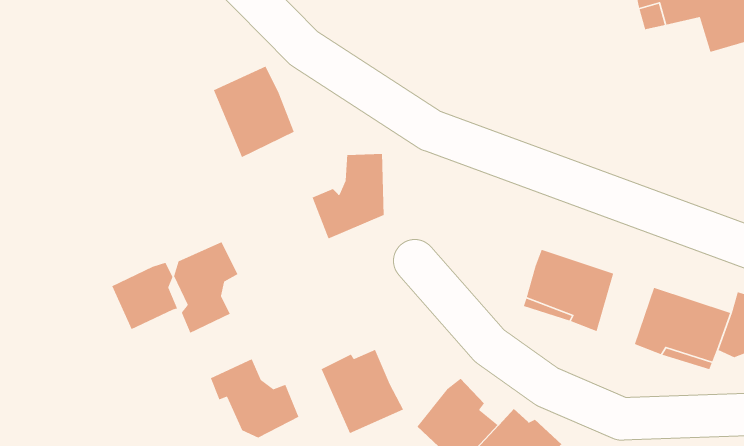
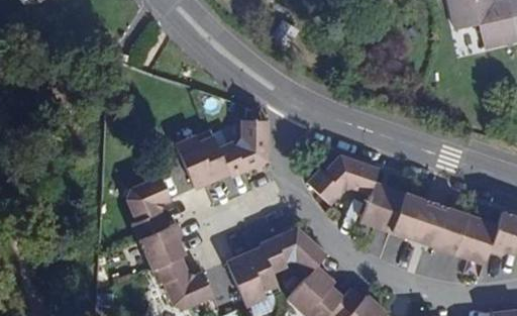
building: [213,65,295,158] -> [175,127,229,189]
building: none -> [306,153,377,203]
building: [111,262,178,330] -> [138,220,183,266]
building: none -> [409,196,446,243]
building: none -> [260,225,326,273]

